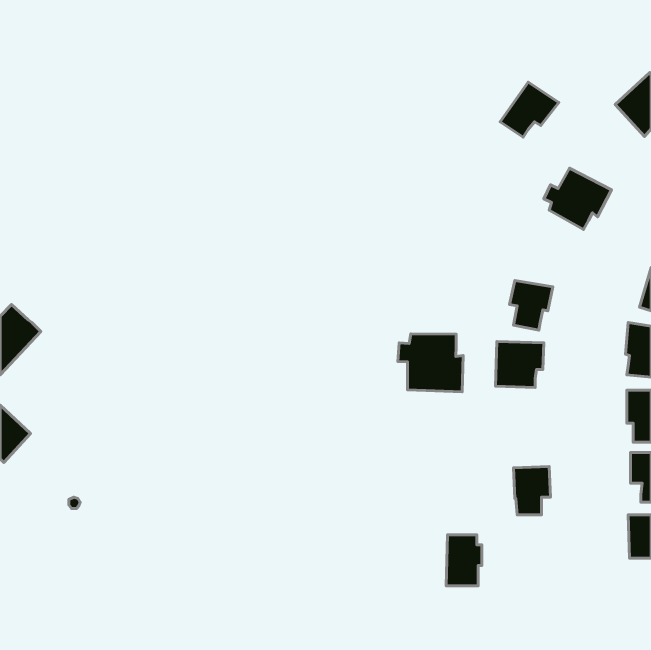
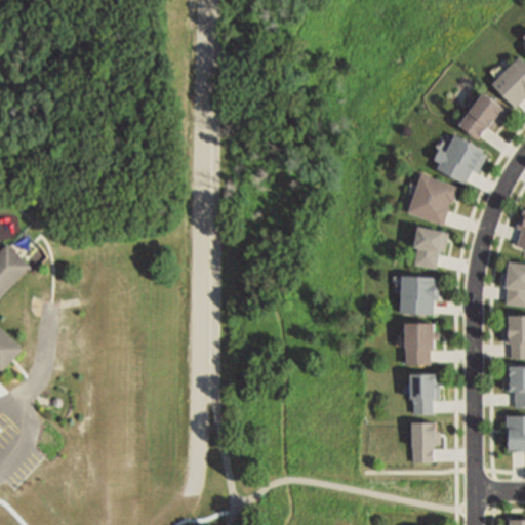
building: [500,82,559,137] -> [457,92,504,136]
building: none -> [406,172,456,224]
building: [398,334,463,392] -> none
building: none -> [402,323,431,363]
building: [446,535,482,586] -> [414,425,443,466]

